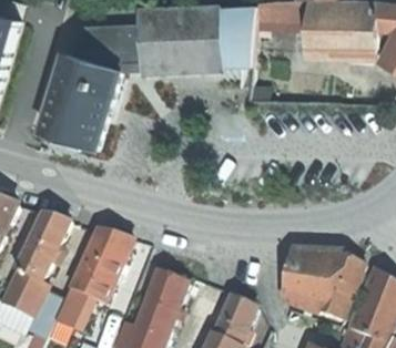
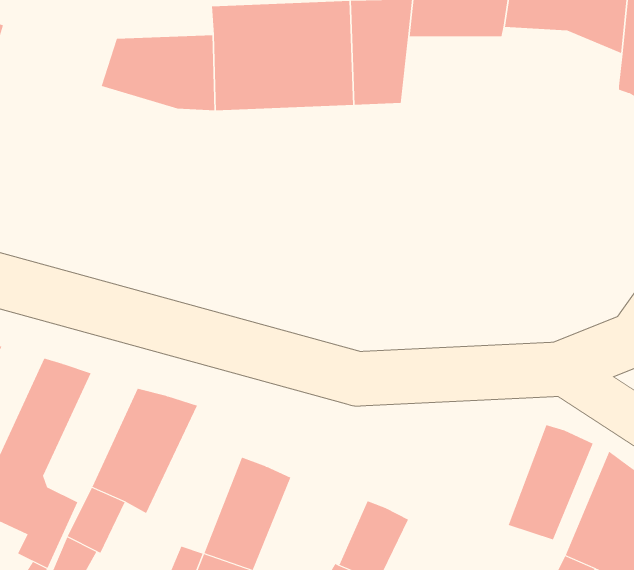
building: [307,22,378,57] -> none
building: [41,54,119,150] -> none
building: [280,252,334,315] -> none

